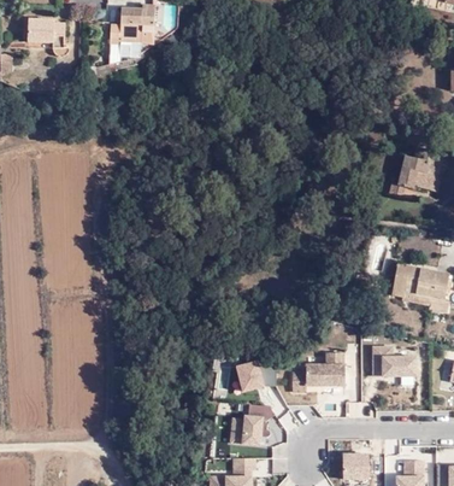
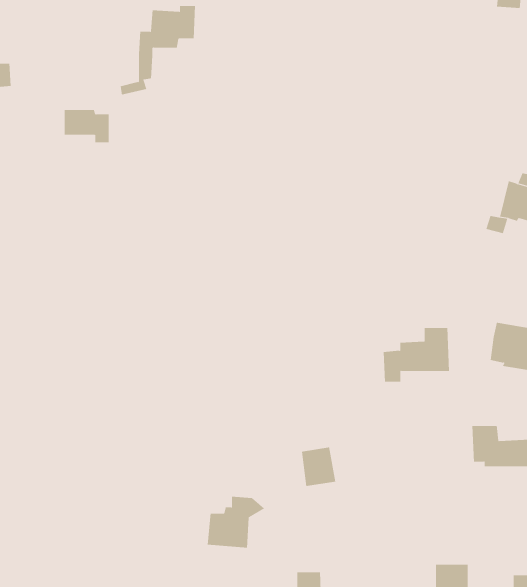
building: [28,25,64,52] -> [64,109,110,143]
building: [295,351,348,394] -> [383,327,450,382]
building: [232,405,278,446] -> [207,496,265,548]

